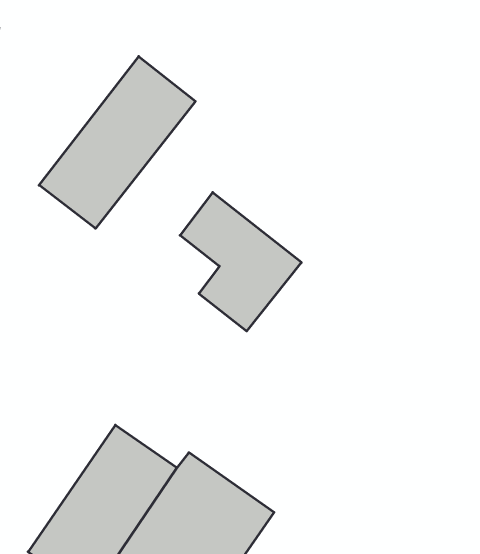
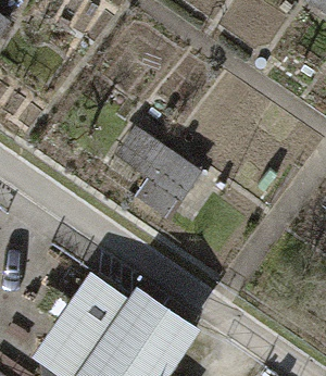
building: [39,56,195,228] -> none

